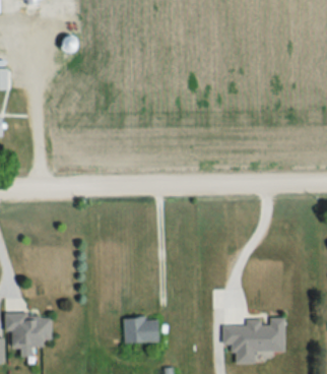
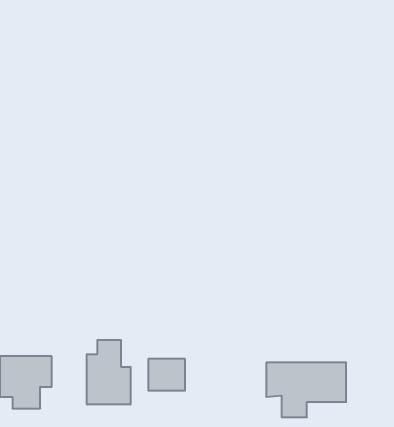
building: none -> [87,340,130,405]

